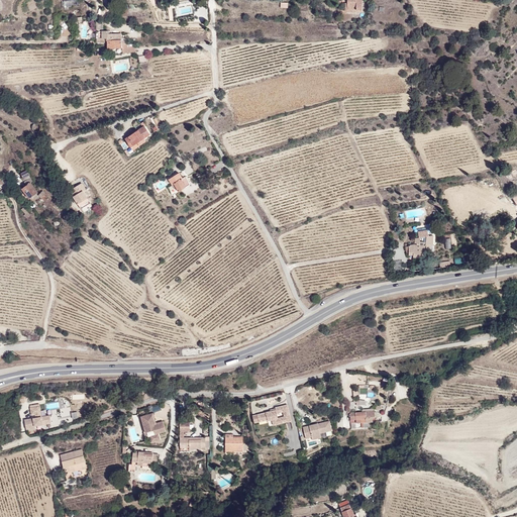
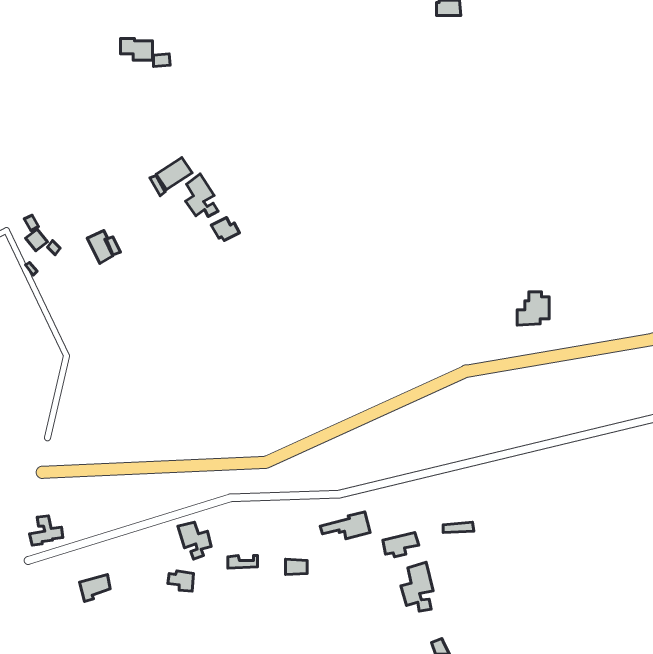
building: none -> [186,174,218,216]
building: none -> [401,562,433,611]

